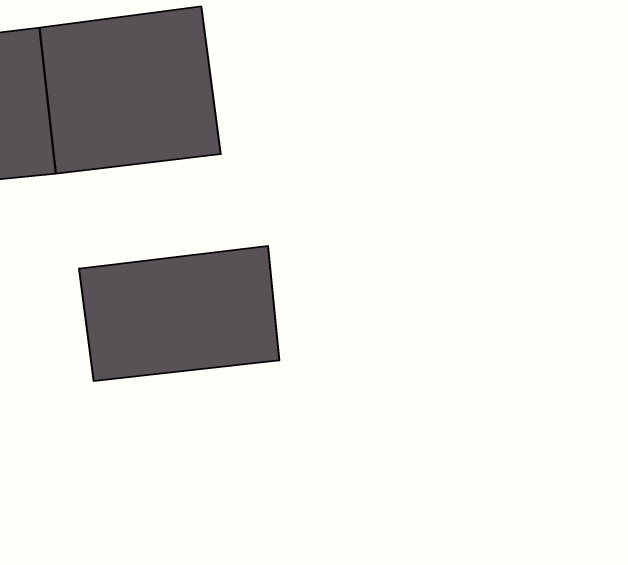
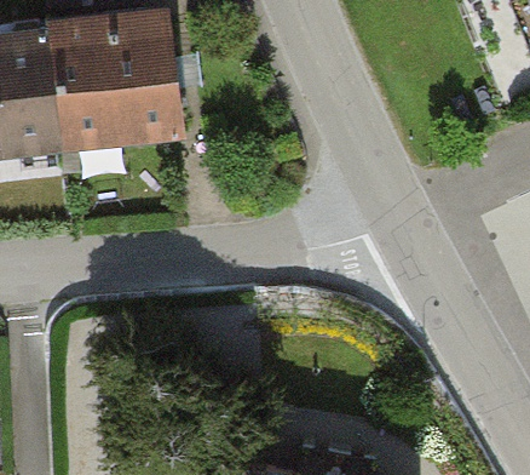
building: [79,246,279,381] -> none

